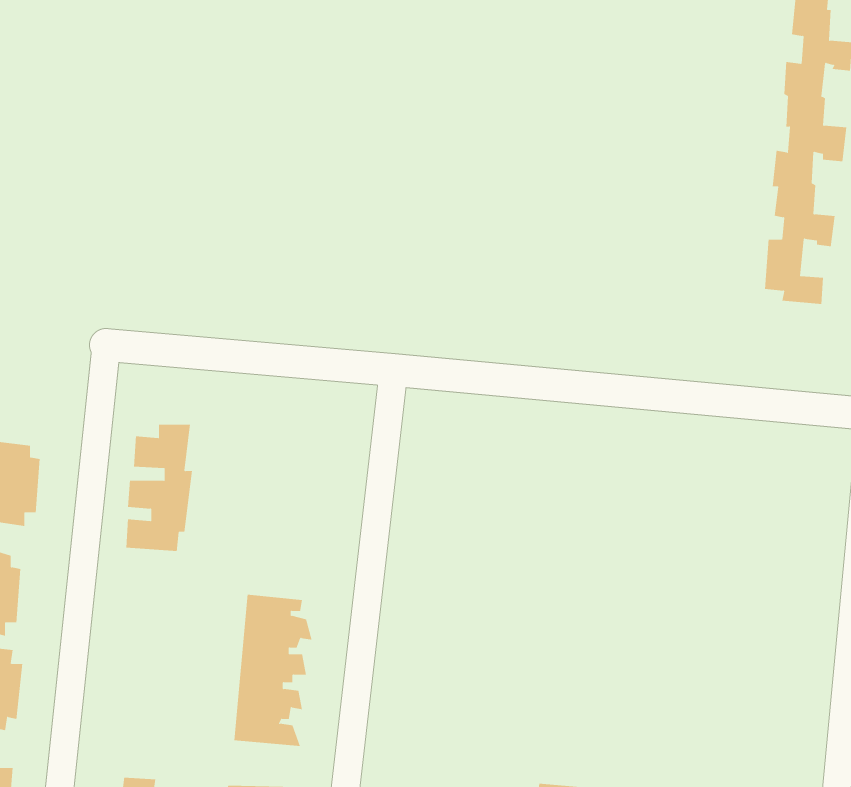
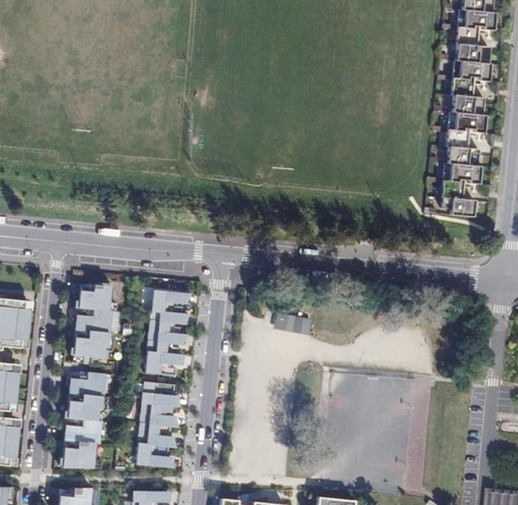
building: none -> [145,291,193,377]
building: none -> [274,312,312,331]
building: none -> [64,372,106,470]

